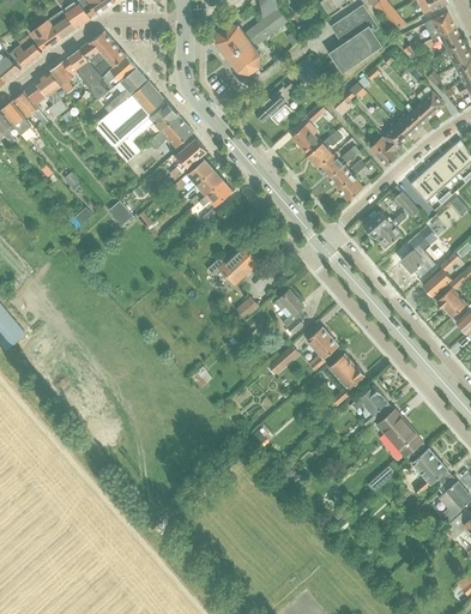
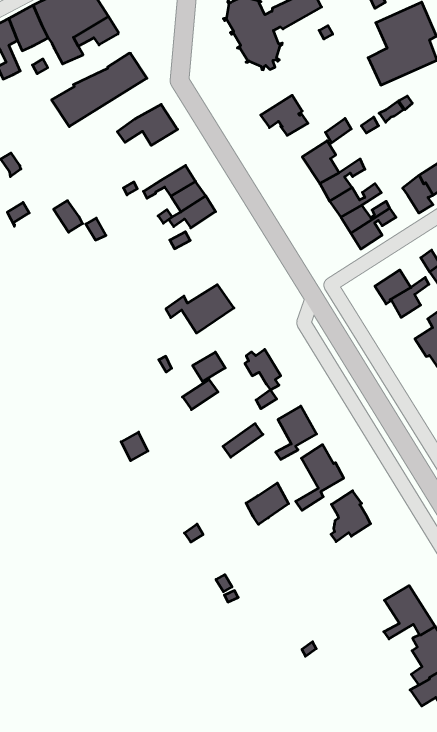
building: [104,67,146,112] -> none
building: [110,97,177,162] -> none
building: [170,138,206,179] -> none
building: none -> [246,483,289,524]
building: [378,410,422,456] -> none

